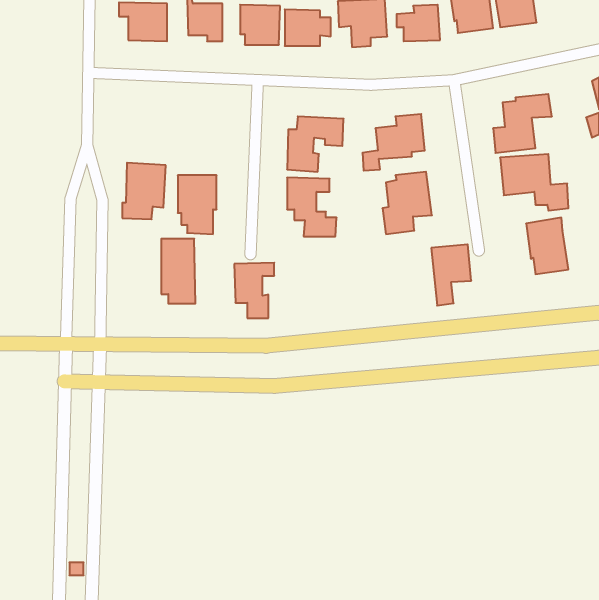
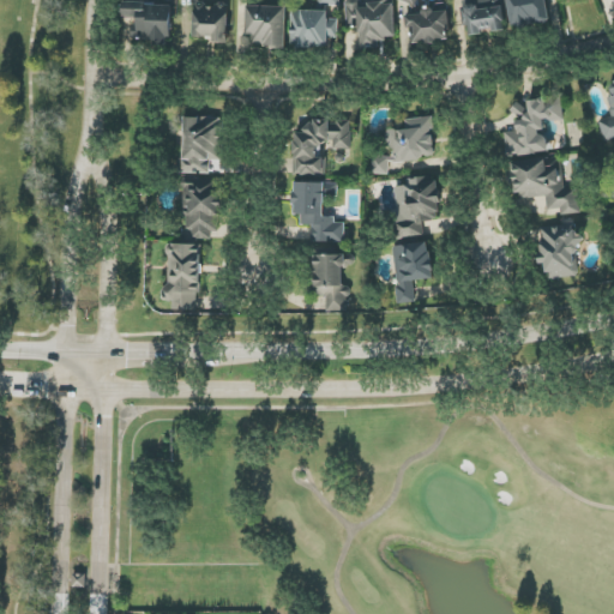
building: [122,163,166,219] -> [177,115,222,173]
building: [431,244,471,306] -> [391,241,432,303]
building: [234,263,274,318] -> [312,253,353,309]

